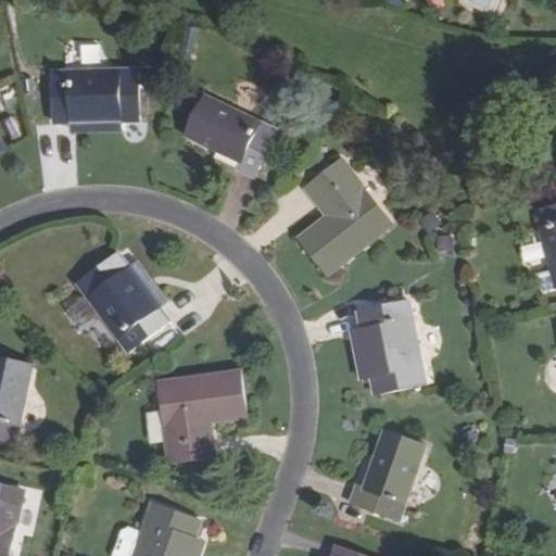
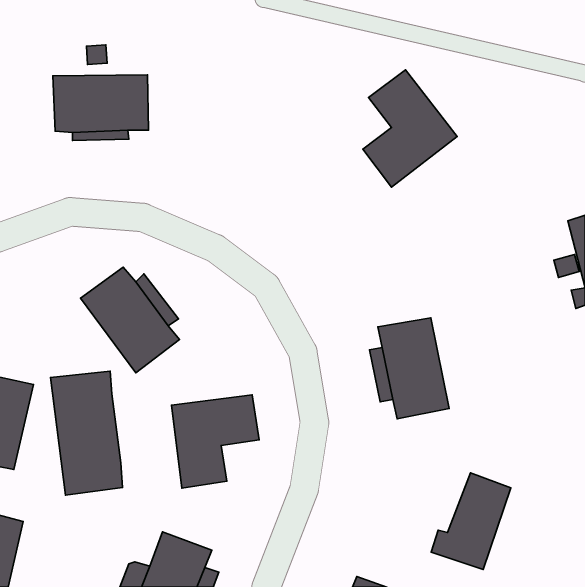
building: [182,94,277,176] -> none
building: [301,161,390,271] -> [363,70,457,187]
building: none -> [51,371,123,495]
building: [350,429,425,520] -> [431,473,511,569]

